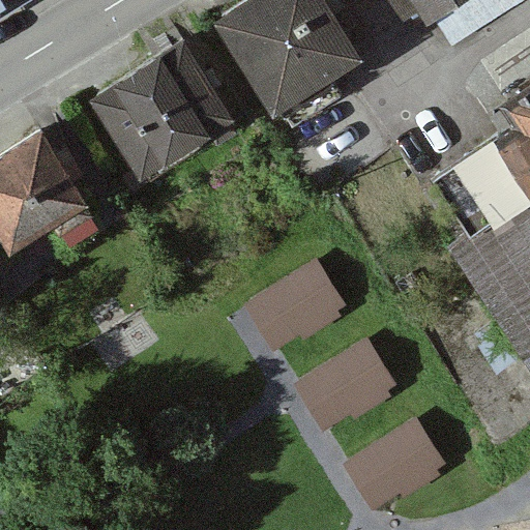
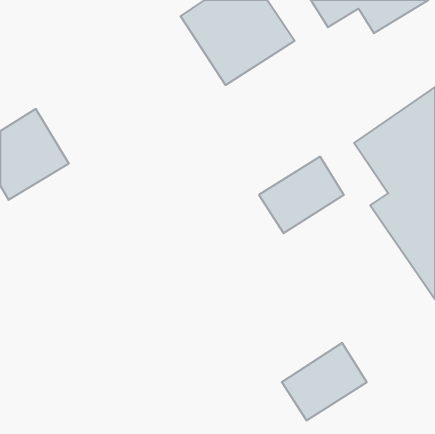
building: [97,41,233,173] -> none
building: [243,260,347,353] -> [259,157,344,233]
building: [294,340,396,432] -> none

